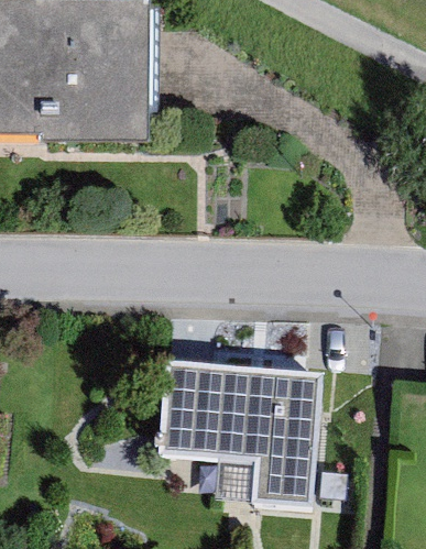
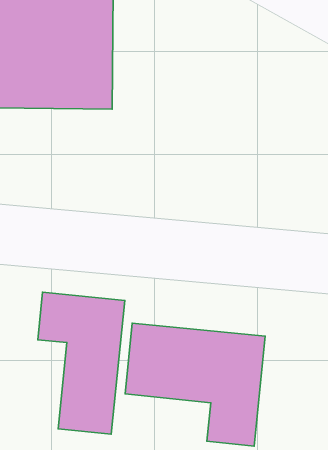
building: none -> [38,292,125,434]

